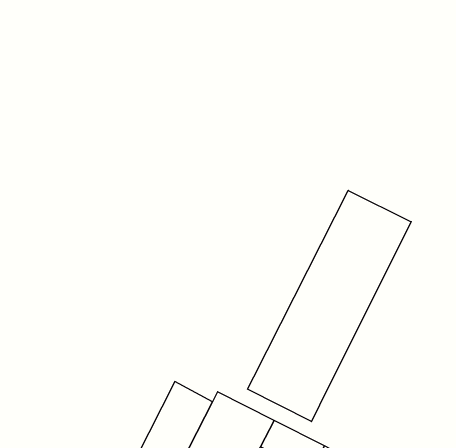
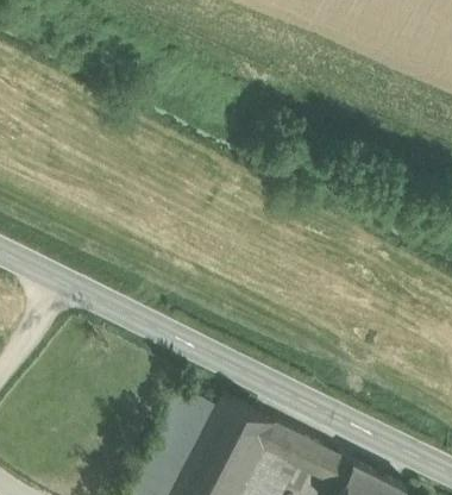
building: [248,190,411,422] -> none

